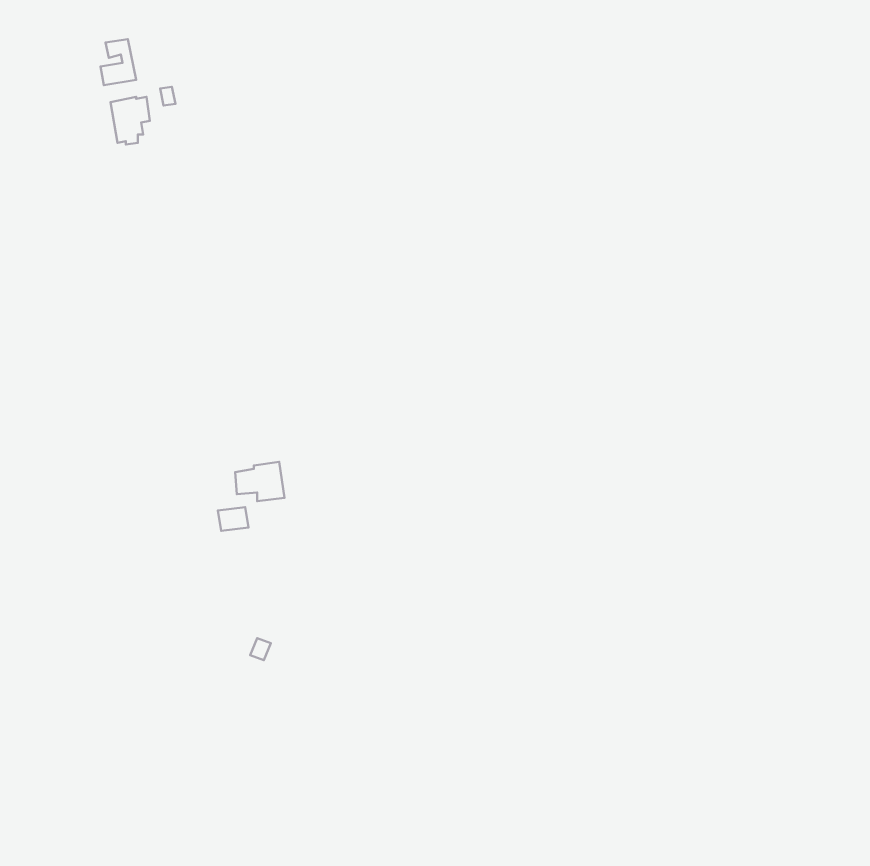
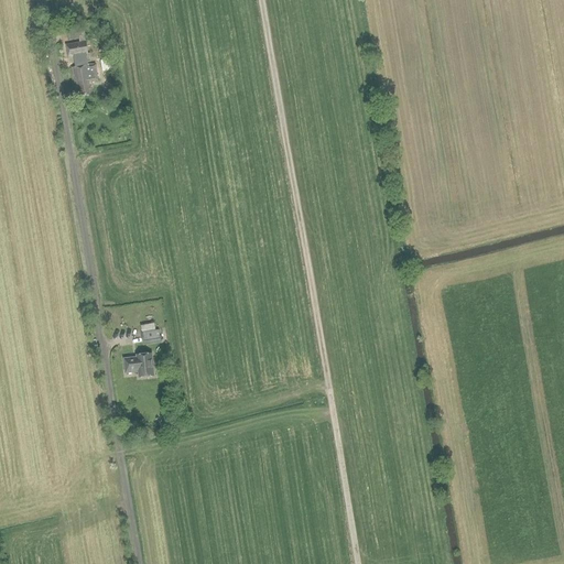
building: [235,462,284,501] -> [123,350,155,376]

